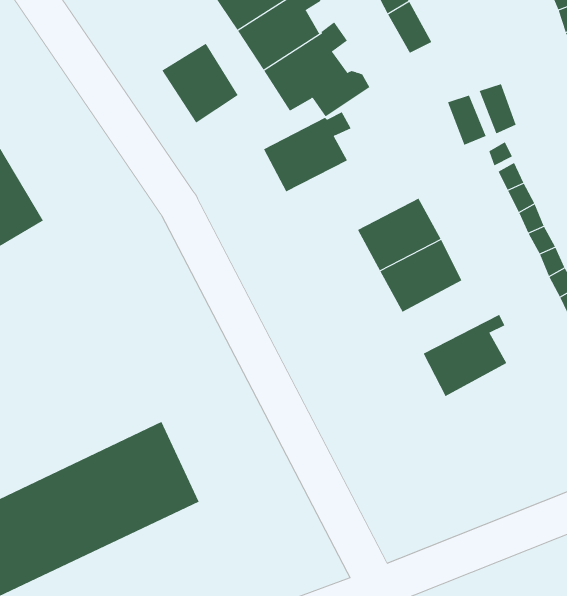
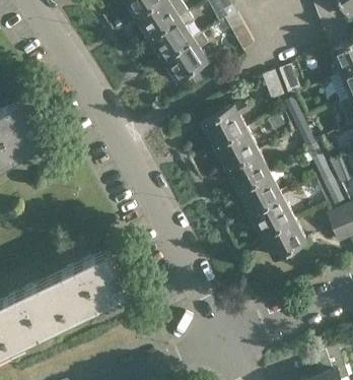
building: [162,43,239,124] -> none
building: [263,112,351,192] -> [202,103,250,146]
building: none -> [238,170,285,213]
building: none -> [262,218,307,260]

